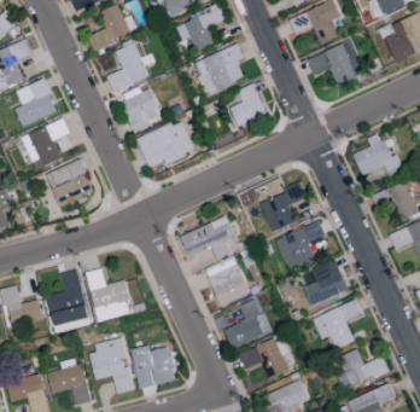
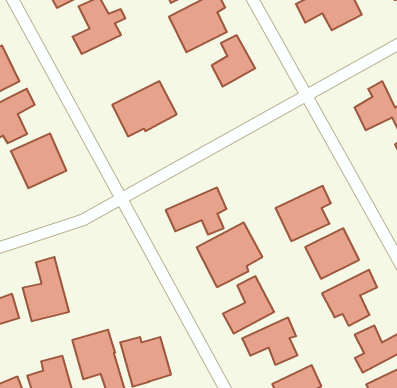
building: [121,83,159,132] -> none
building: [259,185,305,232] -> none
building: [84,268,132,323] -> none

